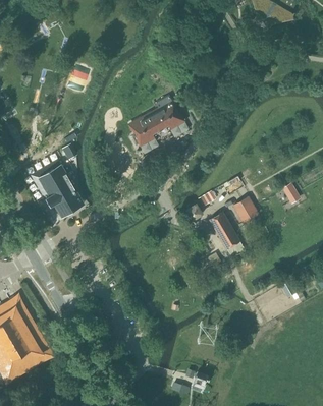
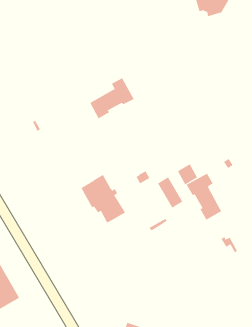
building: [32,161,85,218] -> [81,174,126,223]
building: none -> [186,173,222,221]

